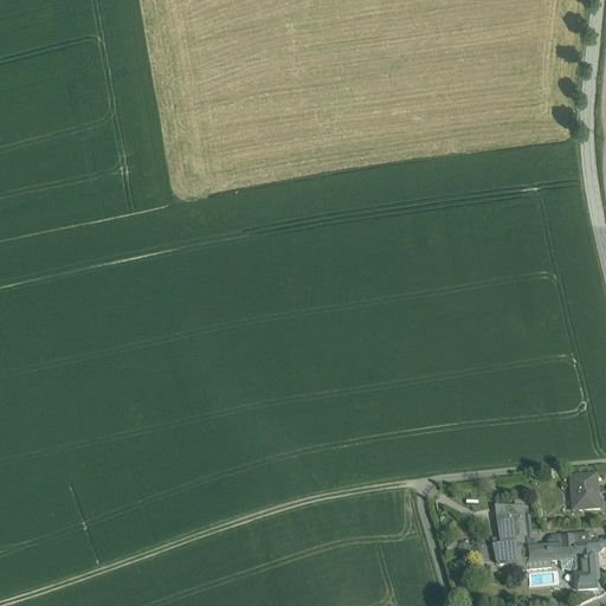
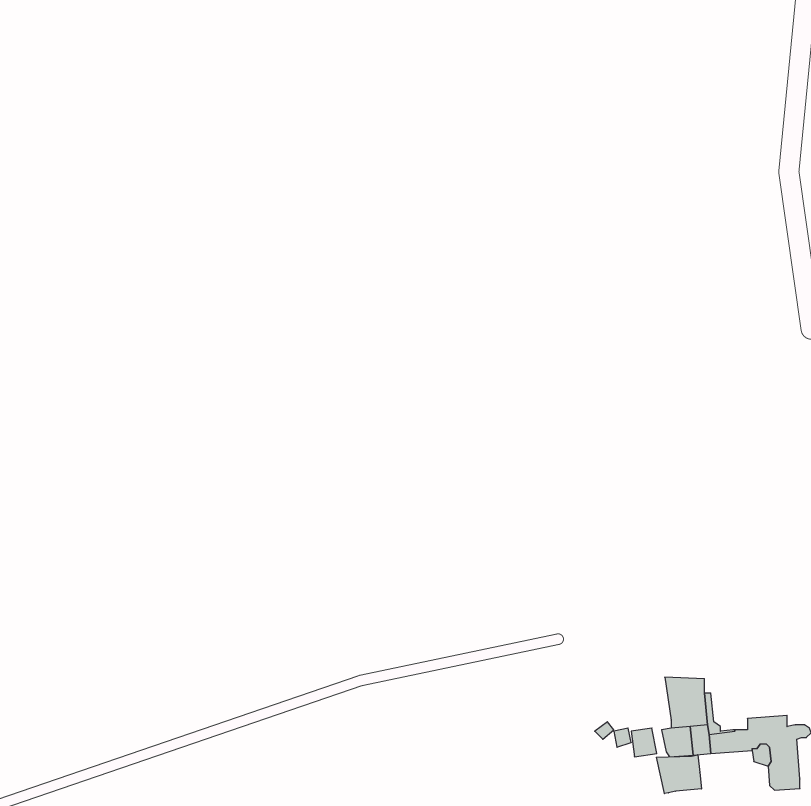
building: [569,473,598,508] -> none
building: none -> [656,755,701,794]

